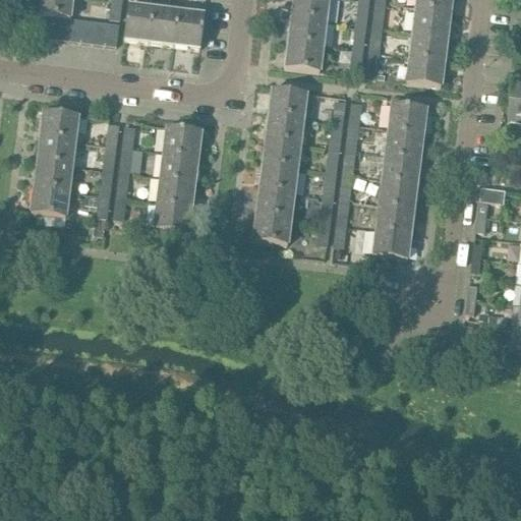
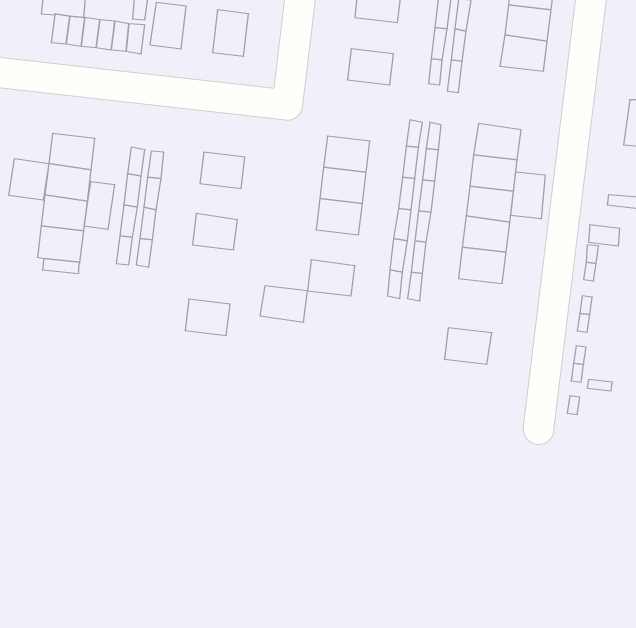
building: [150,5,179,43] -> none
building: [288,14,326,44] -> none
building: [406,54,445,83] -> none
building: [269,85,306,115] -> none
building: none -> [9,159,49,200]
building: none -> [511,172,545,219]
building: none -> [84,181,115,230]
building: [162,150,198,179] -> none
building: [255,187,294,217] -> [260,286,307,322]
building: [156,199,192,229] -> [185,299,230,335]
building: [372,227,411,256] -> [444,328,492,364]

